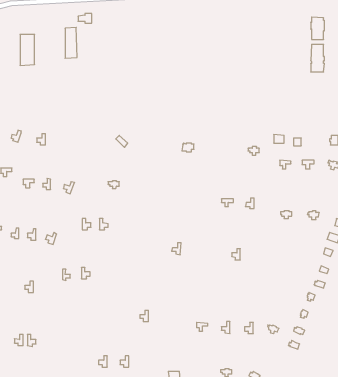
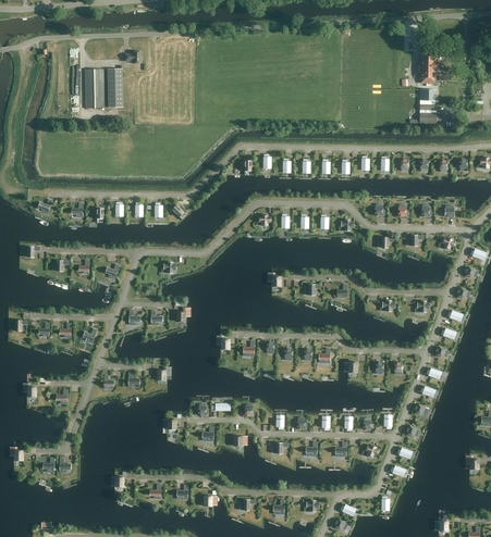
building: [20,34,35,65] -> [84,70,102,109]

